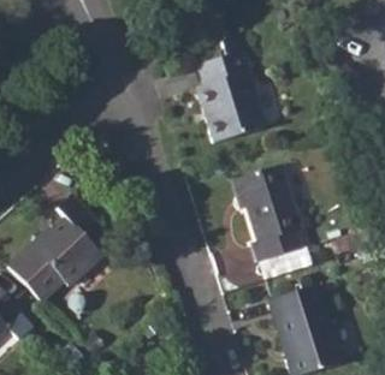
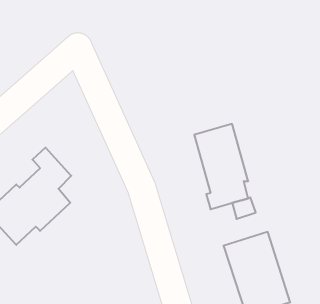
building: [199,35,268,149] -> none

